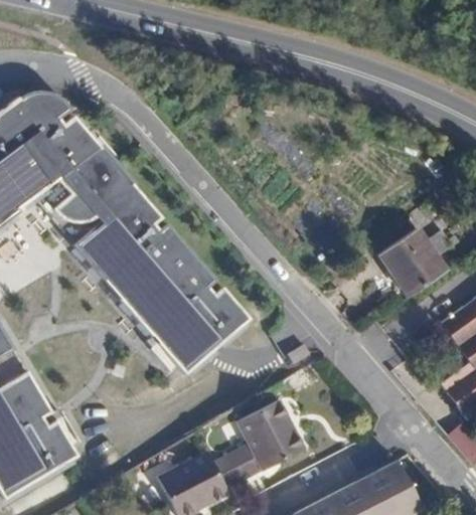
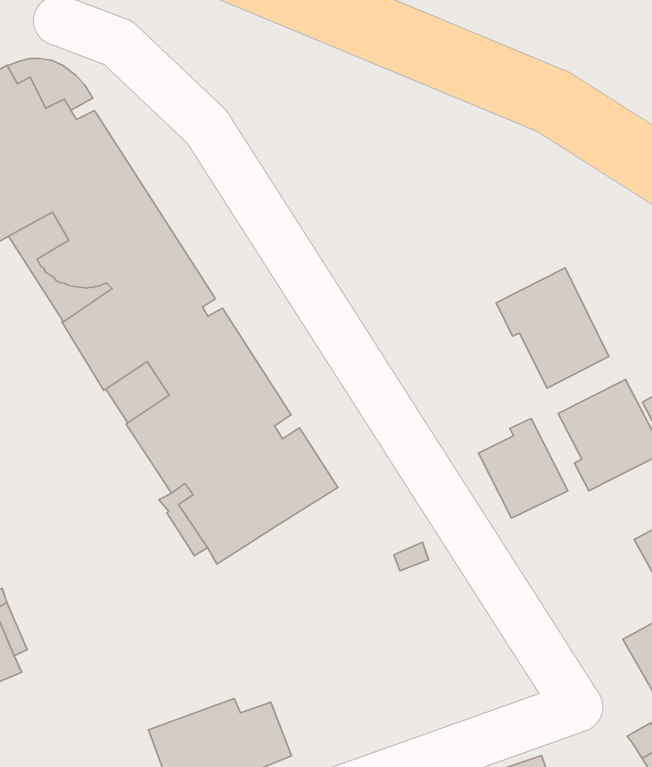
building: none -> [496,268,609,388]
building: none -> [478,418,568,518]
building: [229,398,305,482] -> none

